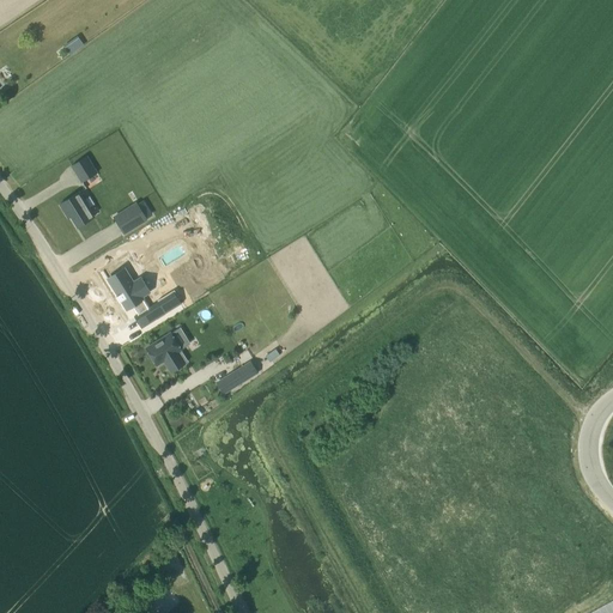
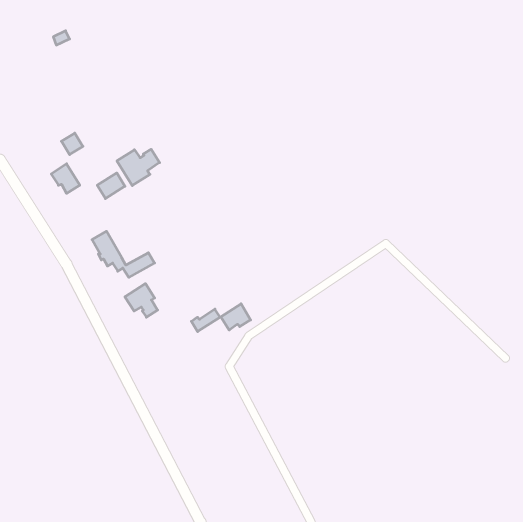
building: none -> [117,149,160,186]
building: none -> [221,304,251,330]

